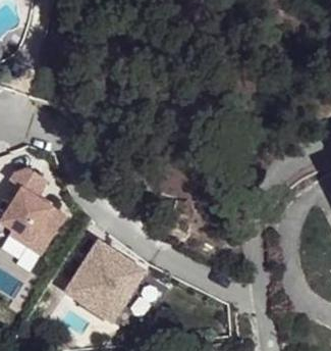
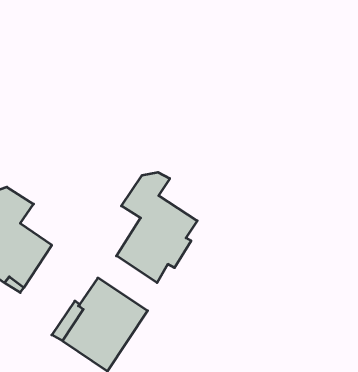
building: none -> [116,172,197,283]

